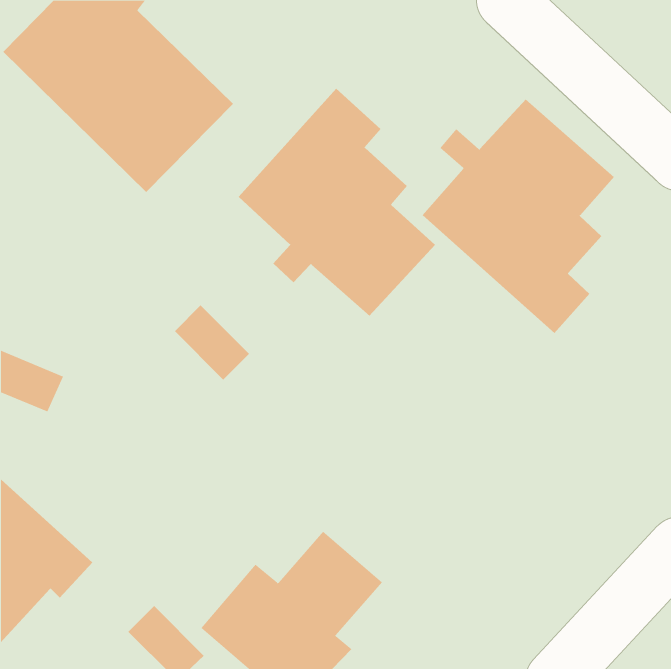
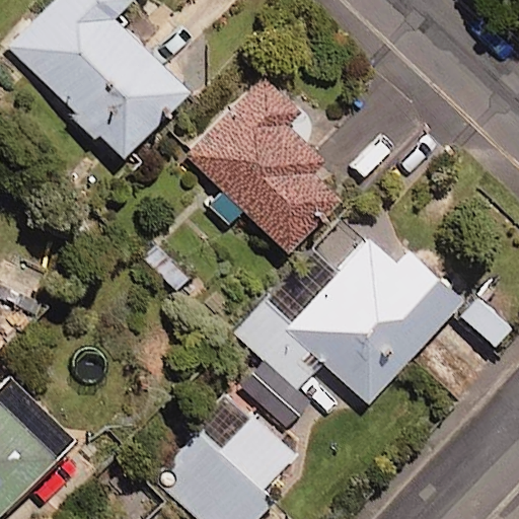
building: [422,99,615,334] -> none
building: none -> [238,239,461,402]

